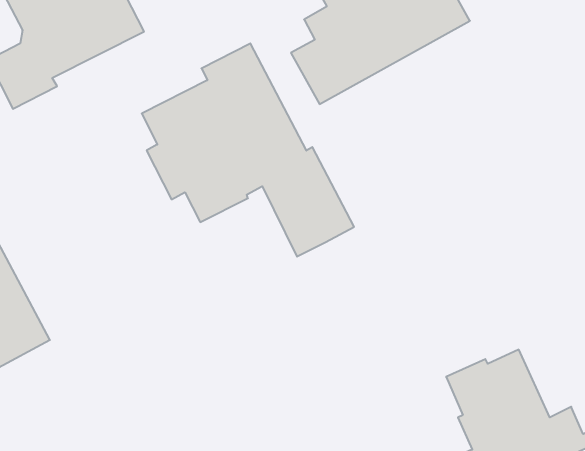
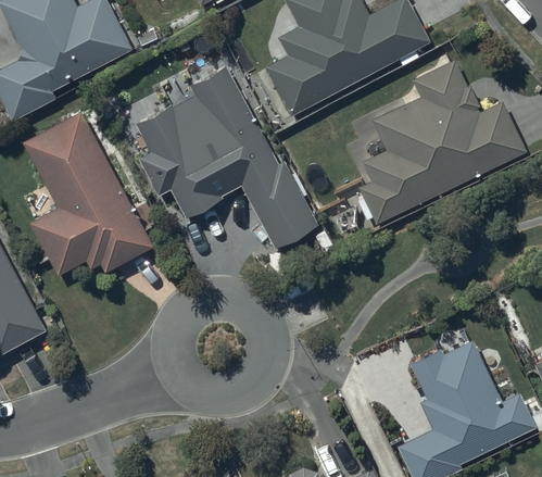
building: none -> [358,61,528,225]
building: none -> [24,113,154,276]

